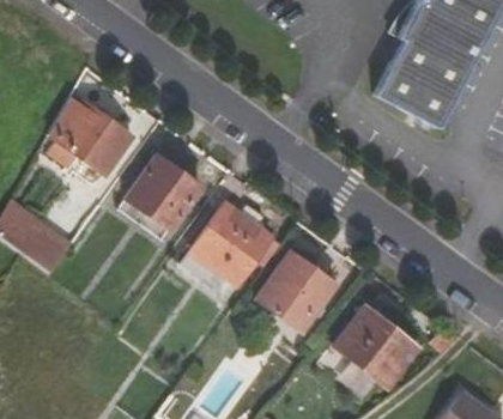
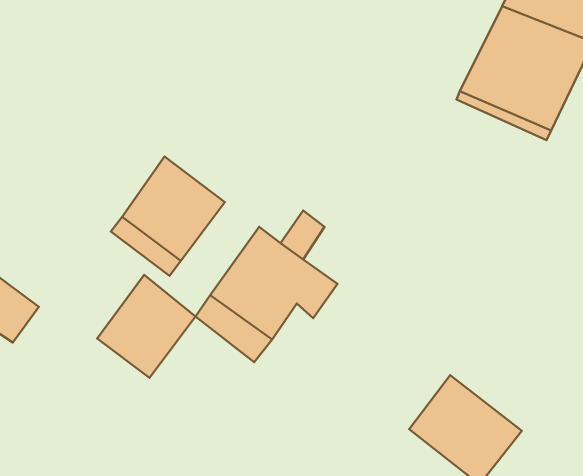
building: [50,89,137,169] -> none
building: none -> [97,275,196,378]
building: [261,248,339,329] -> none

